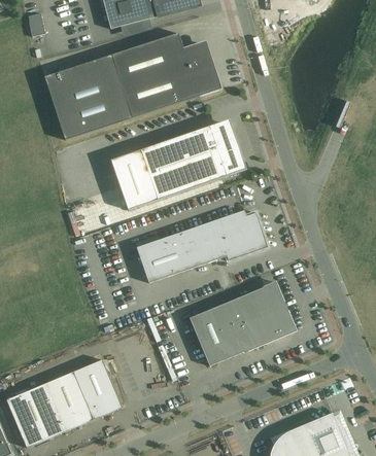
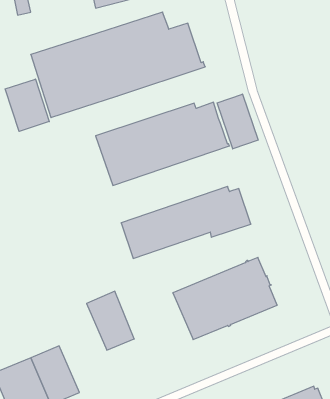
building: none -> [5,79,49,131]
building: none -> [217,94,258,149]
building: [73,358,122,418] -> [87,291,134,350]

